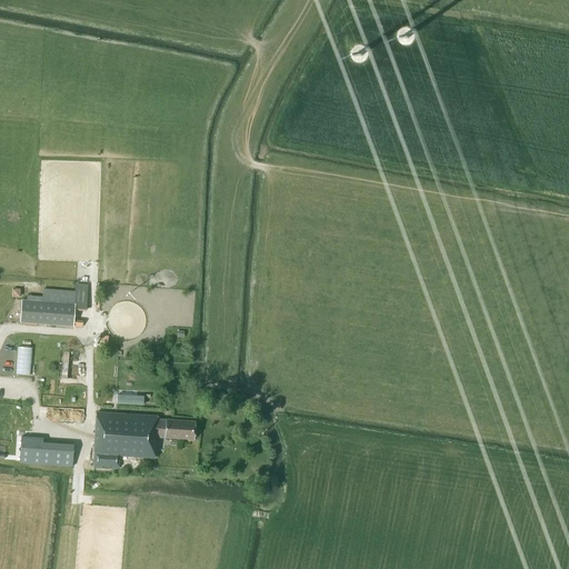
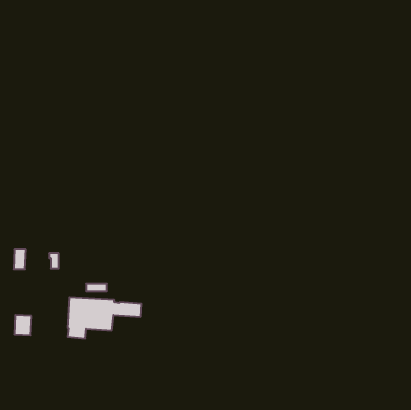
building: [19,298,74,326] -> none
building: [50,447,79,470] -> none

